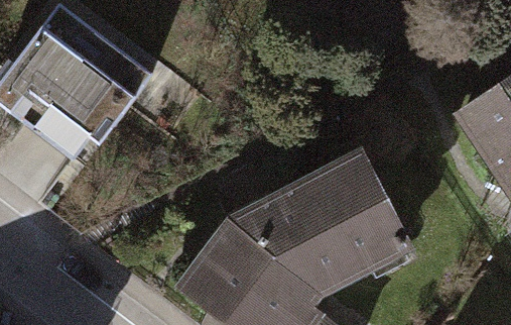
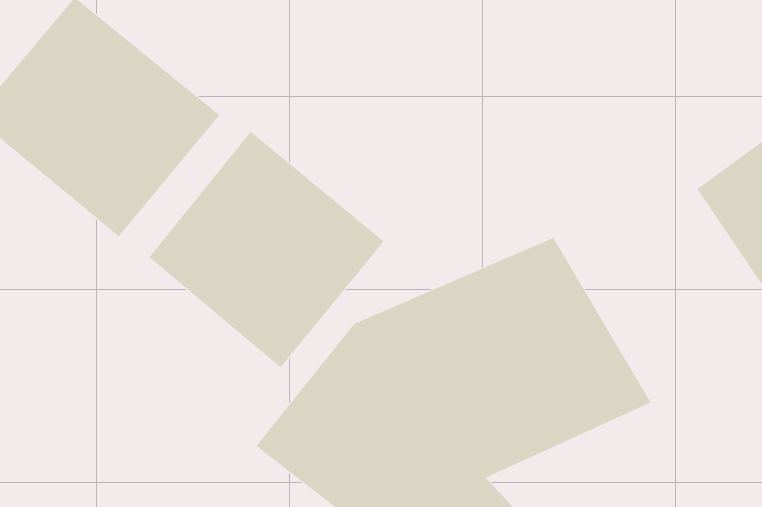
building: none -> [148,131,384,368]

